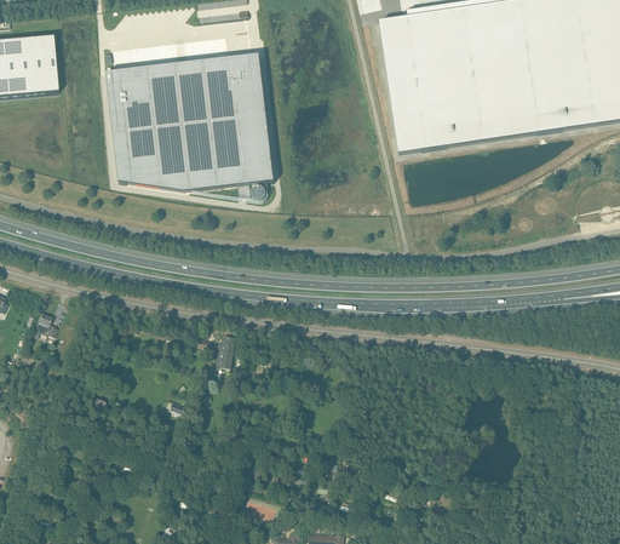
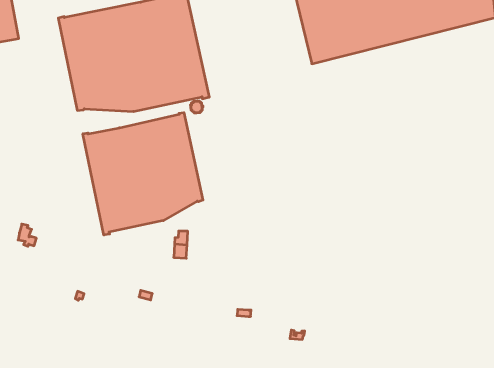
building: none -> [83,113,203,235]

